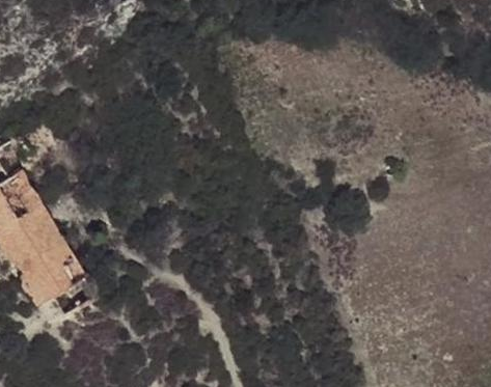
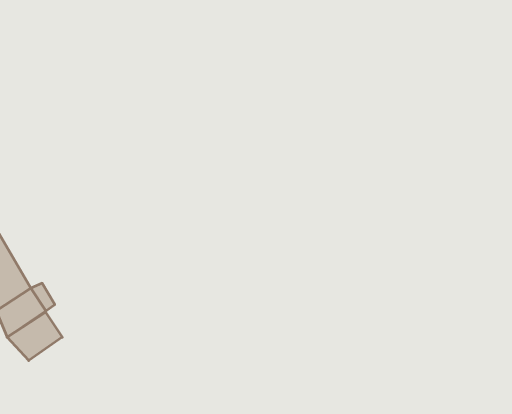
building: none -> [7,312,62,361]

